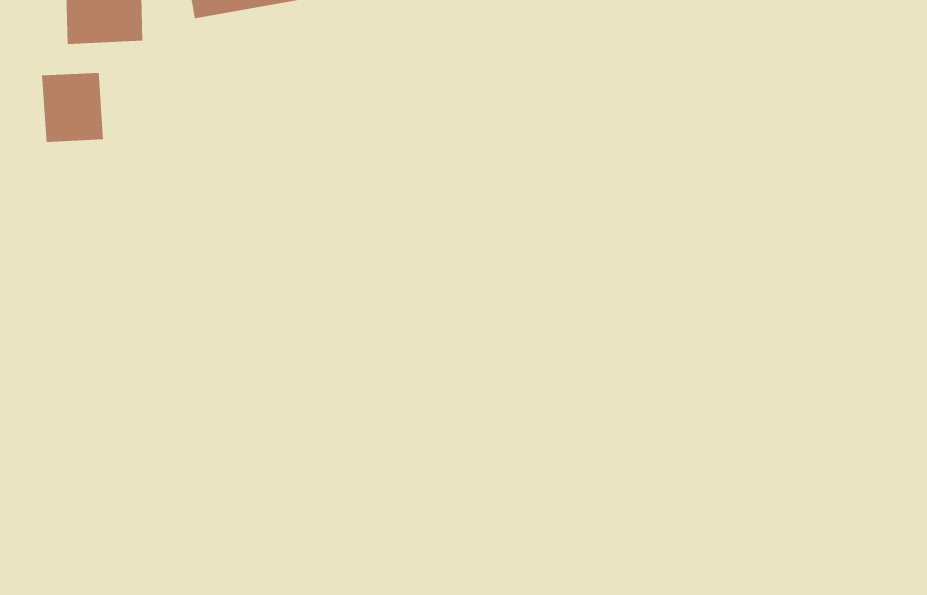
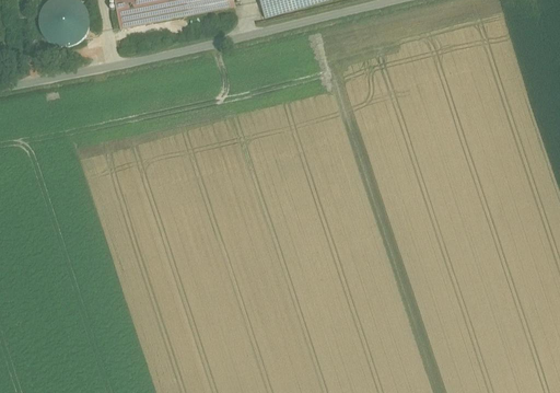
building: [42,72,104,143] -> none

